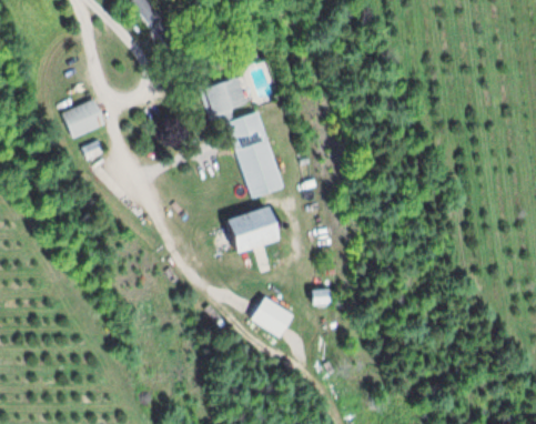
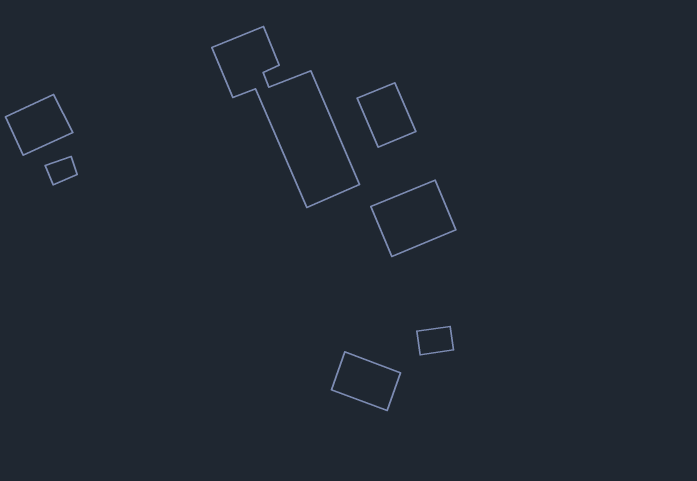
building: none -> [357,83,416,147]
building: [220,208,273,253] -> [371,180,456,256]

